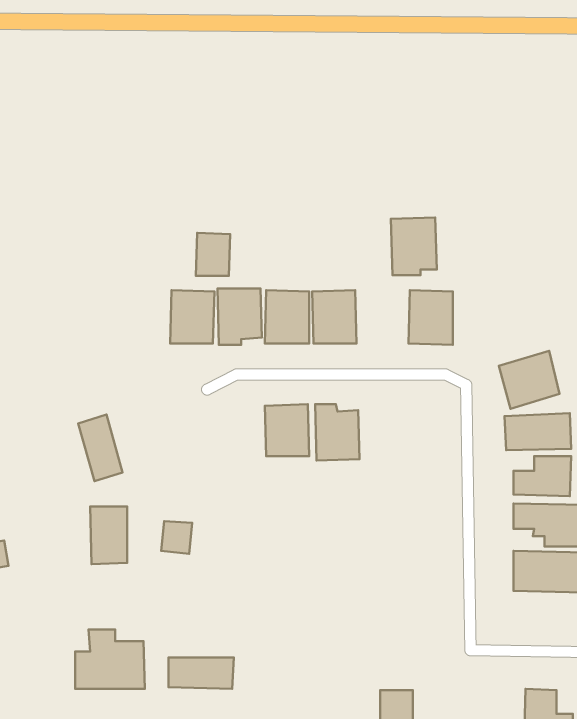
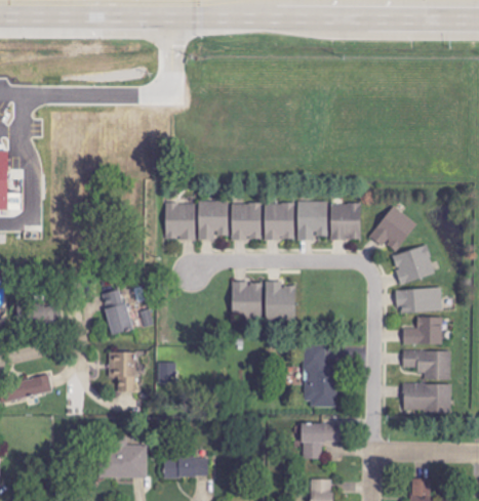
building: [391,218,437,275] -> [295,200,327,240]
building: [196,233,230,276] -> none
building: none -> [370,205,416,252]
building: none -> [304,344,336,407]
building: none -> [301,422,341,458]

